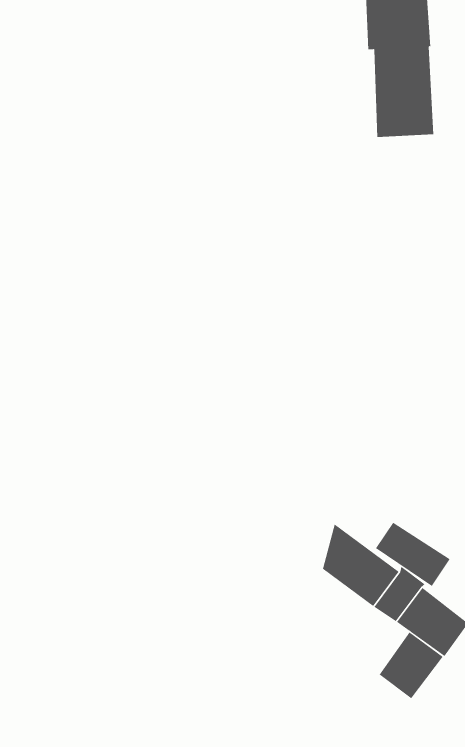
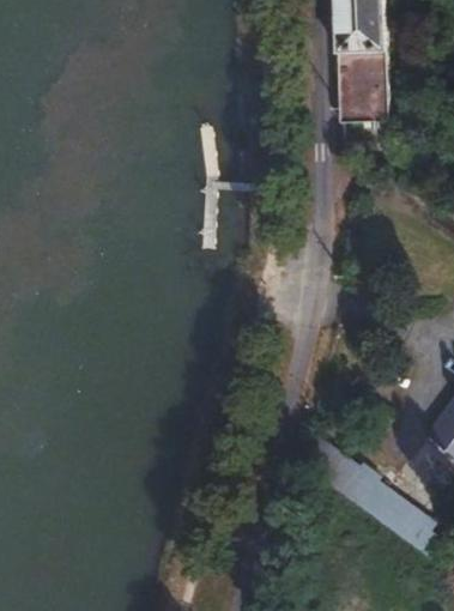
building: [375,522,450,587] -> none
building: [379,631,443,699] -> none

